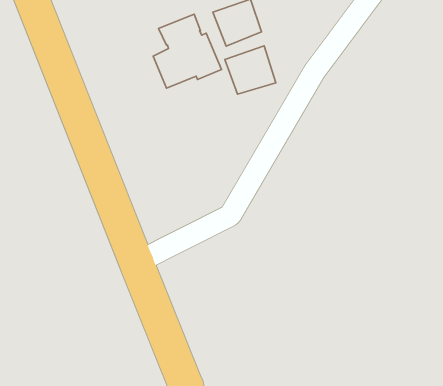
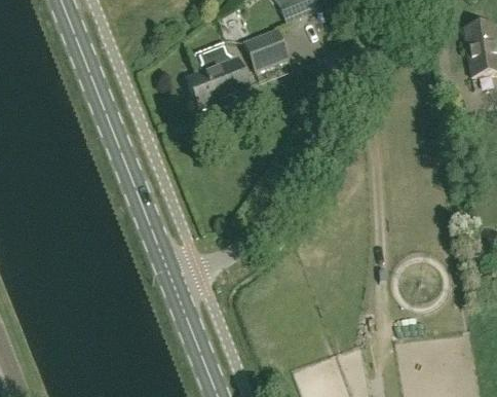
building: [225,46,276,94] -> none

